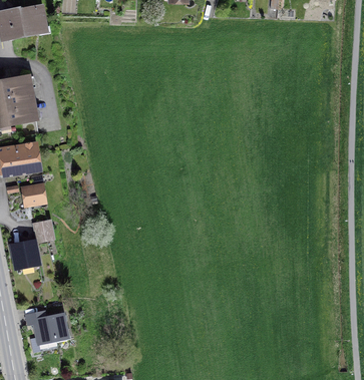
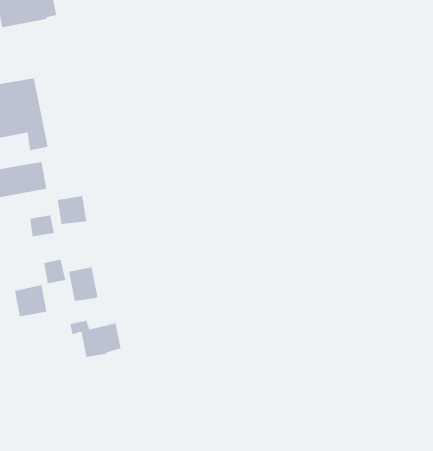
building: none -> [57,195,87,225]
building: none -> [68,267,99,302]
building: [26,312,67,342] -> [69,320,121,358]

